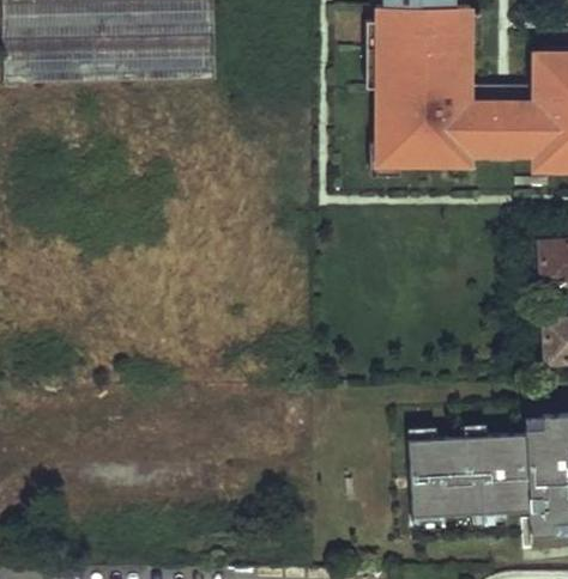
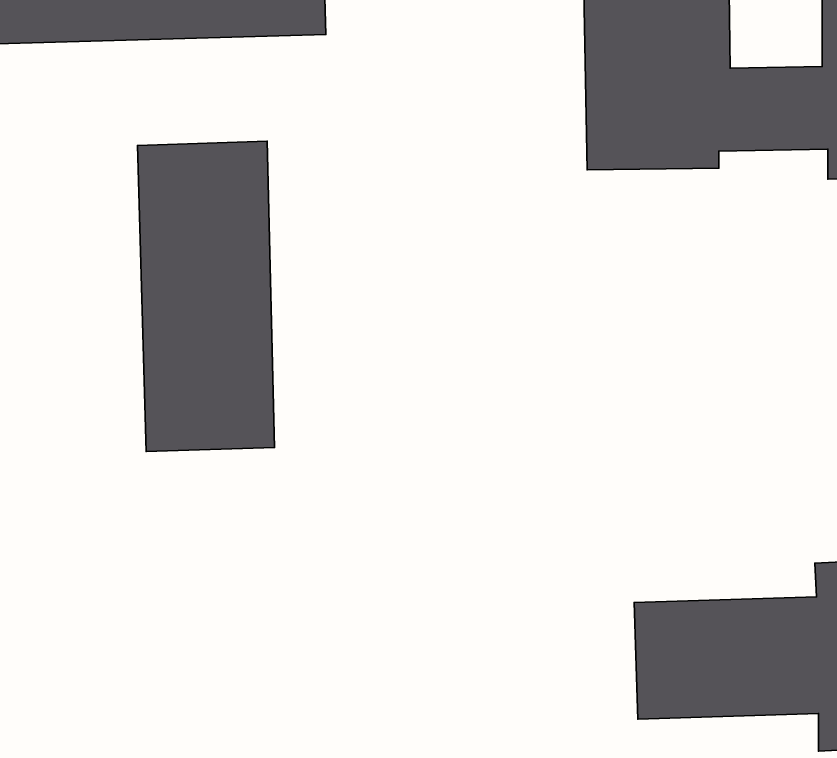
building: none -> [137,141,274,451]

